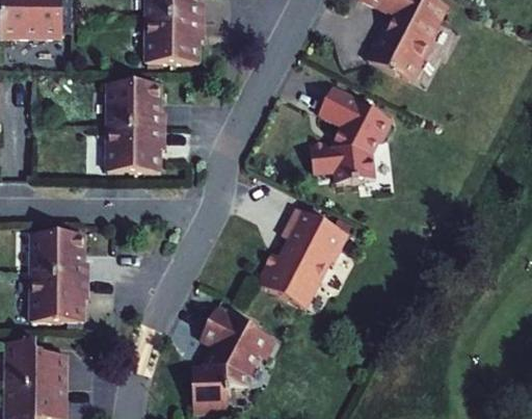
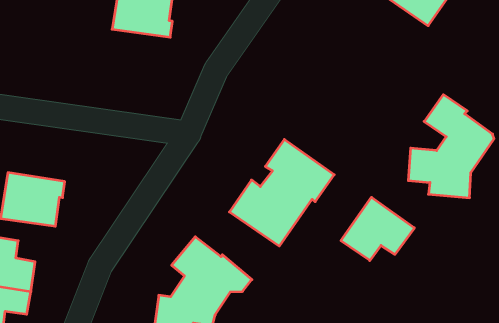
building: [305,86,383,183] -> [408,95,494,198]
building: [110,123,166,167] -> none
building: [30,229,85,273] -> none
building: none -> [341,197,414,261]

